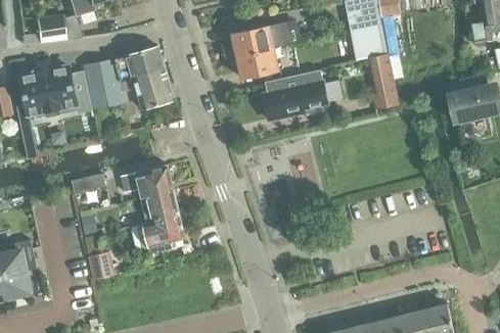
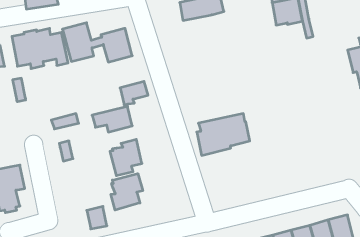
building: [115,47,163,81] -> none
building: [237,48,279,78] -> none
building: [370,56,399,110] -> none
building: [261,68,328,122] -> [197,114,250,155]
building: [142,189,178,219] -> [120,81,148,105]
building: none -> [111,174,143,210]
building: [88,250,113,279] -> [87,206,107,229]

